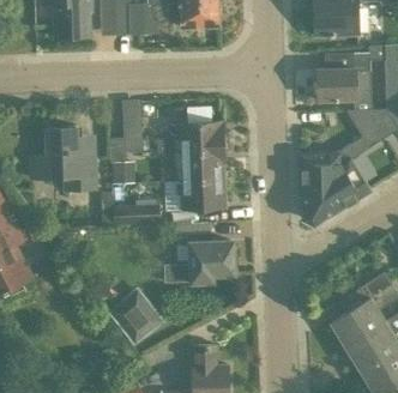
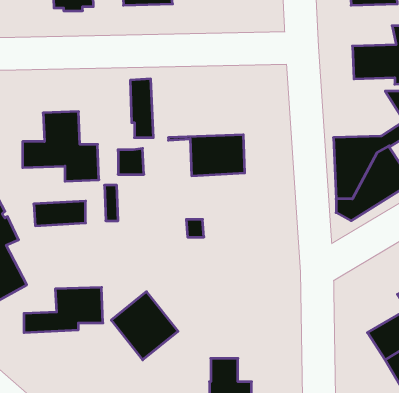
building: [156,122,222,151] -> none
building: [176,182,223,208] -> none
building: [113,204,158,225] -> [34,201,86,226]
building: [163,242,233,282] -> [24,287,103,333]

